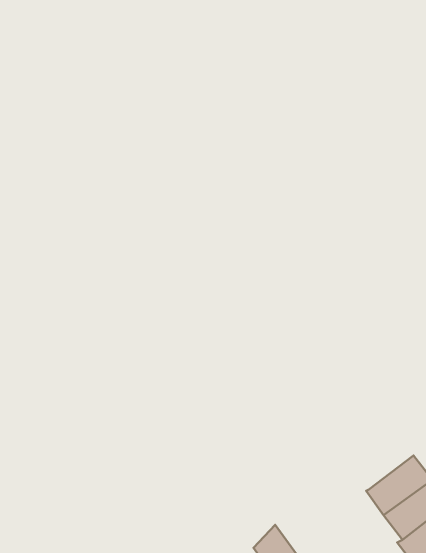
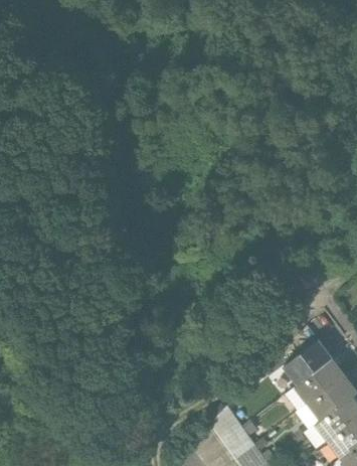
building: none -> [284,342,331,386]

